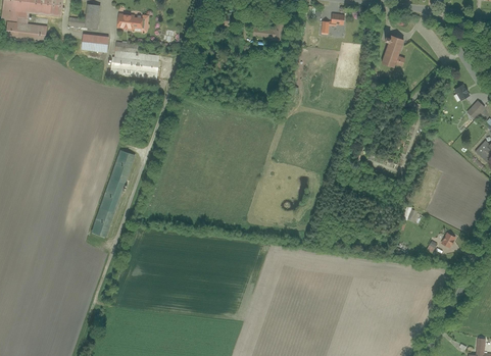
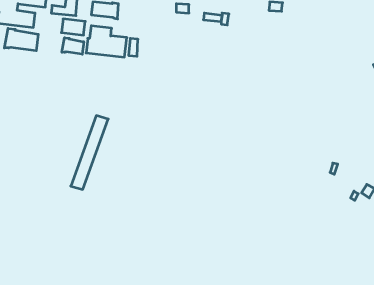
building: [381,36,403,68] -> none
building: none -> [4,28,38,51]
building: none -> [62,38,84,54]

